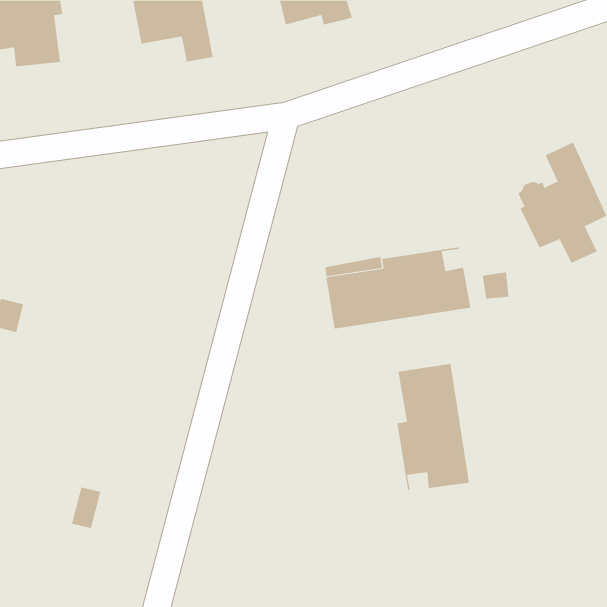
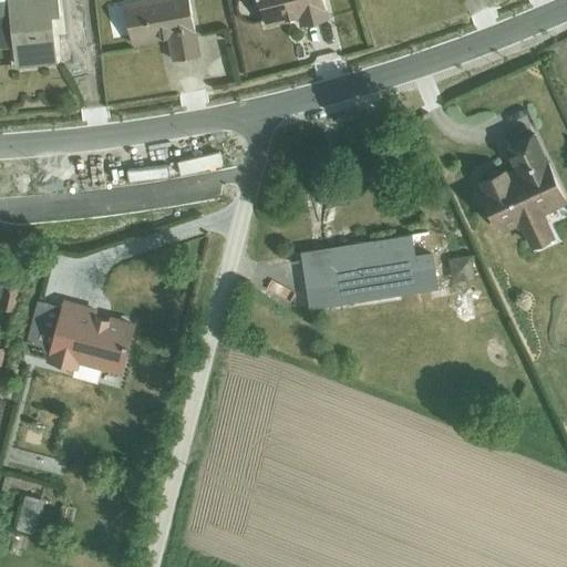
building: none -> [23,299,132,373]
building: [397,363,470,491] -> none
building: [71,487,101,529] -> [14,495,42,534]

